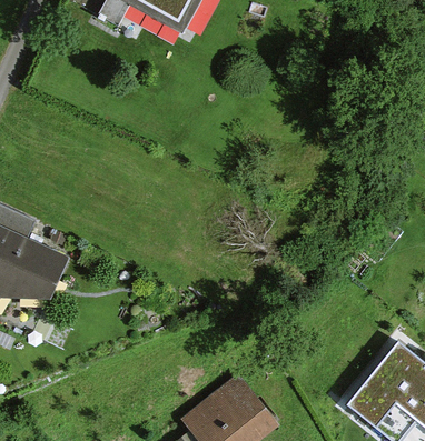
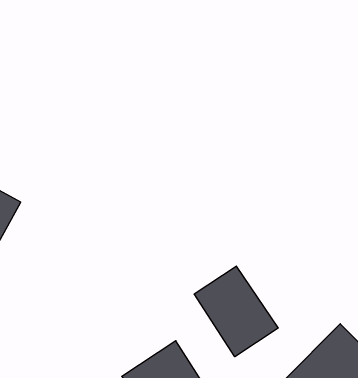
building: none -> [194,266,278,357]

